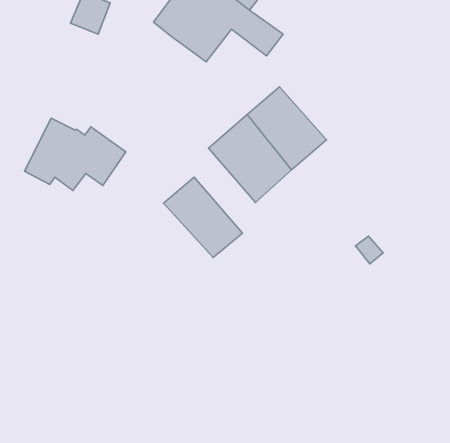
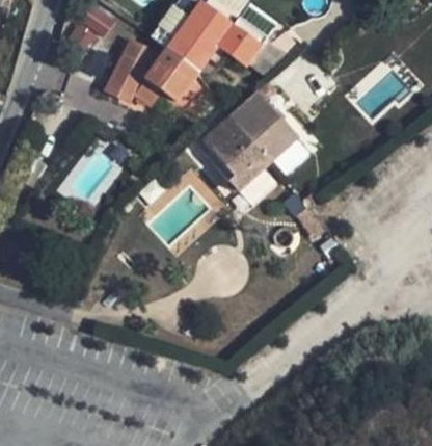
building: [25,118,126,190] -> [108,42,195,104]
building: [164,177,243,257] -> none

